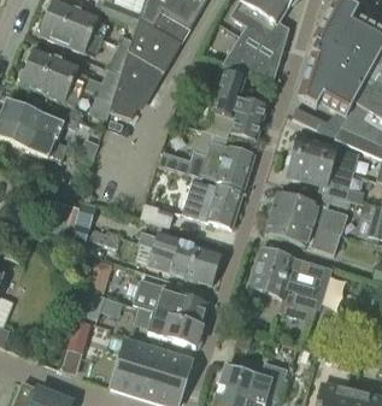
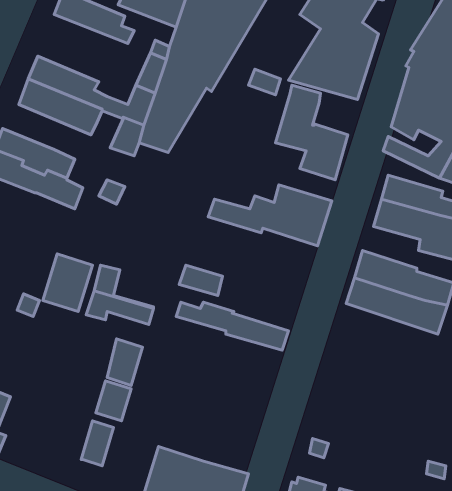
building: [39,14,101,55] -> none
building: [183,178,242,228] -> none
building: [137,241,217,283] -> none
building: [248,247,330,320] -> none
building: [133,278,208,346] -> none

